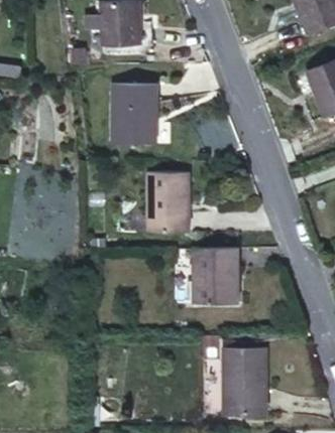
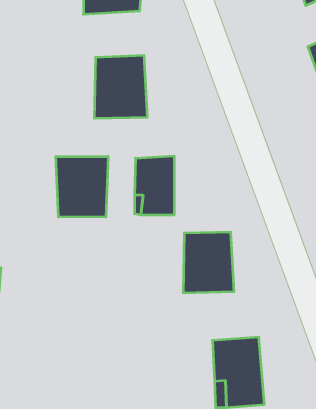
building: none -> [56,156,108,217]

